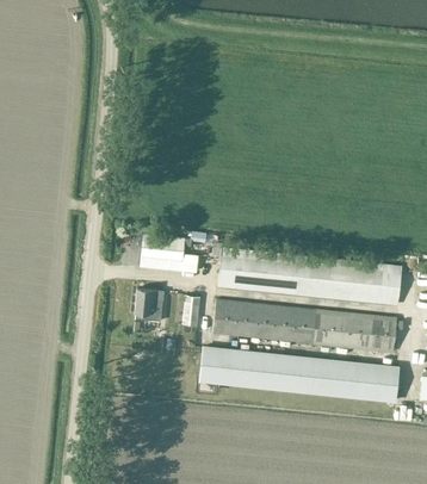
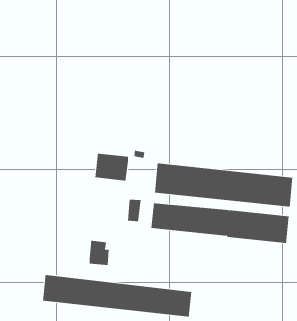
building: [135,287,162,321] -> [89,240,110,266]
building: [200,346,398,402] -> [42,275,192,317]

